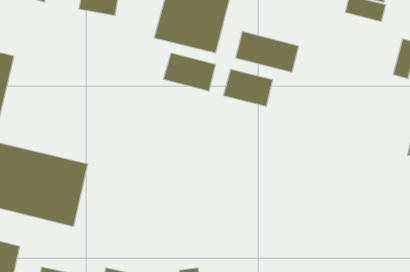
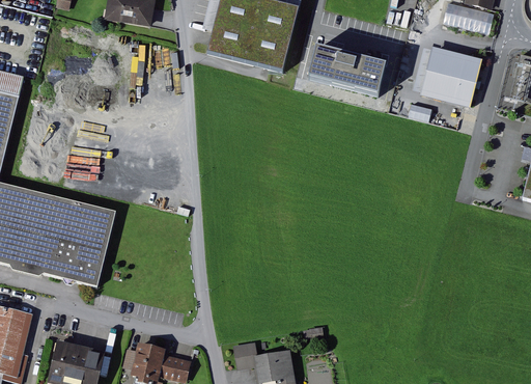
building: none -> [408,45,476,109]
building: [164,53,215,91] -> none
building: [223,69,273,106] -> none

